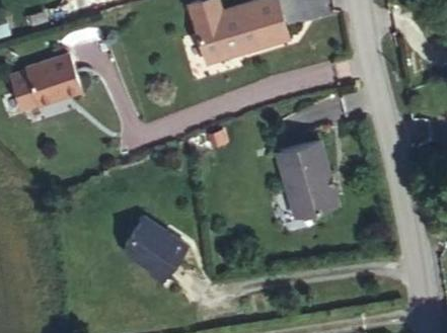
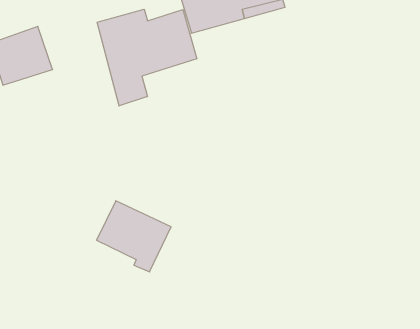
building: none -> [97,9,197,106]
building: [277,134,338,210] -> none

